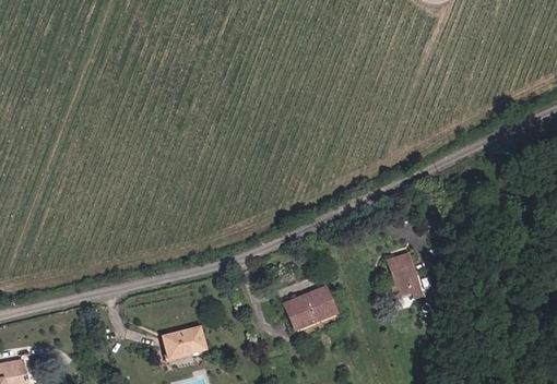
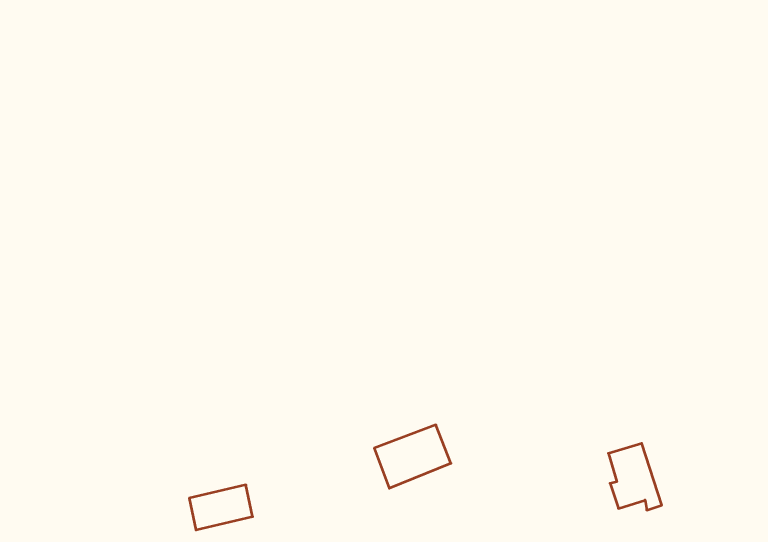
building: [387,253,422,297] -> [608,443,662,510]

